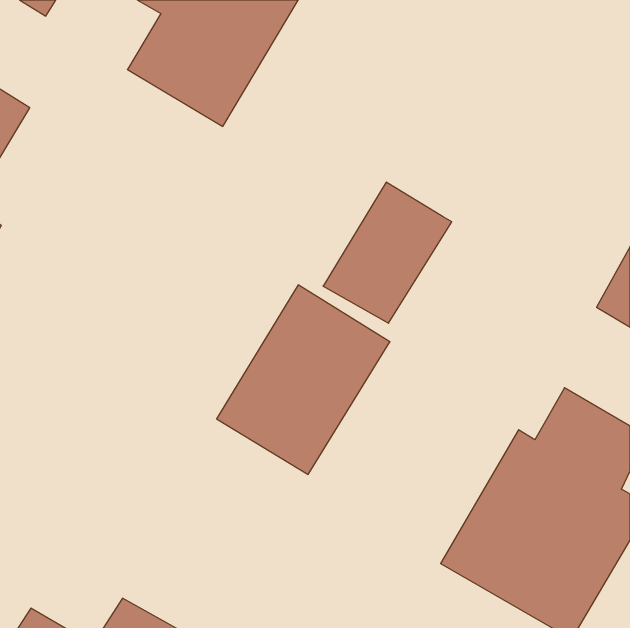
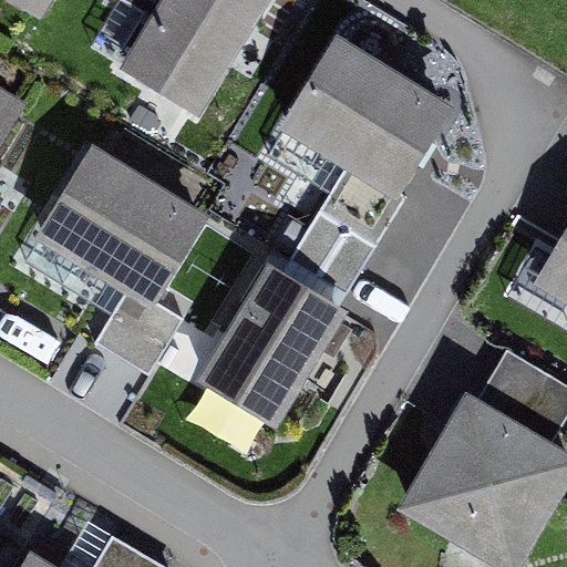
building: none -> [278,32,454,198]
building: none -> [34,143,210,379]

